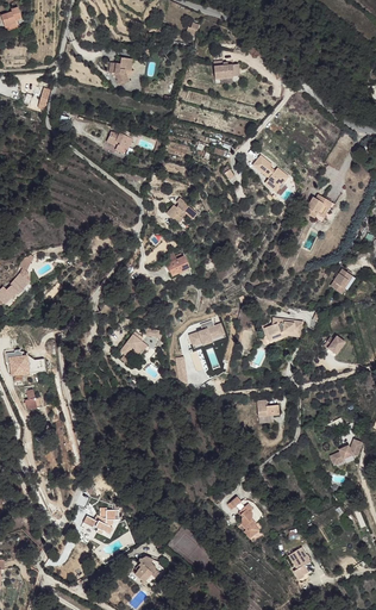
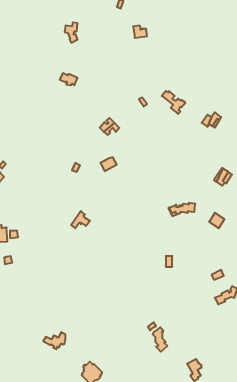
building: [188,320,226,348] -> none

